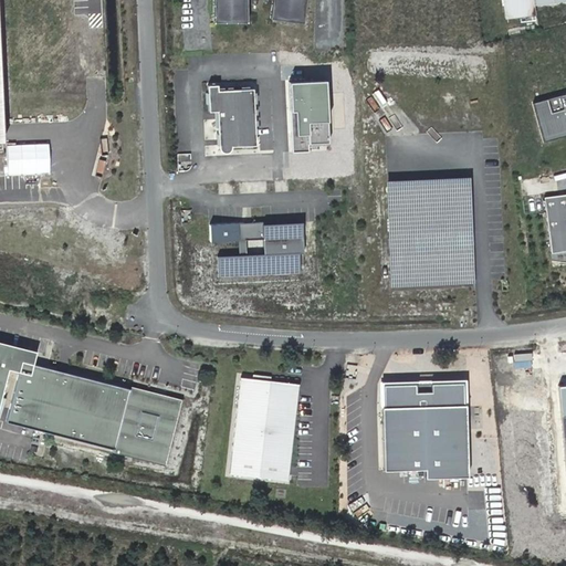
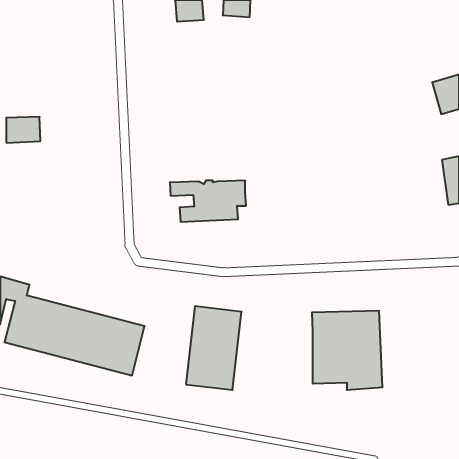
building: [293,82,331,153] -> none
building: [208,85,255,153] -> none
building: [388,179,472,285] -> none
building: [217,253,300,276] -> none

